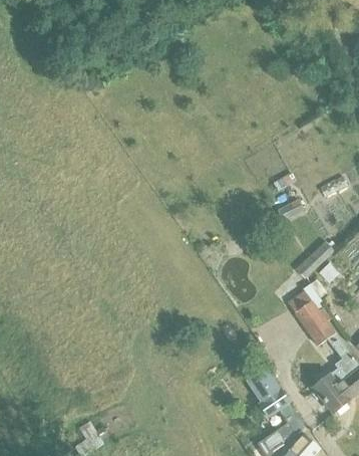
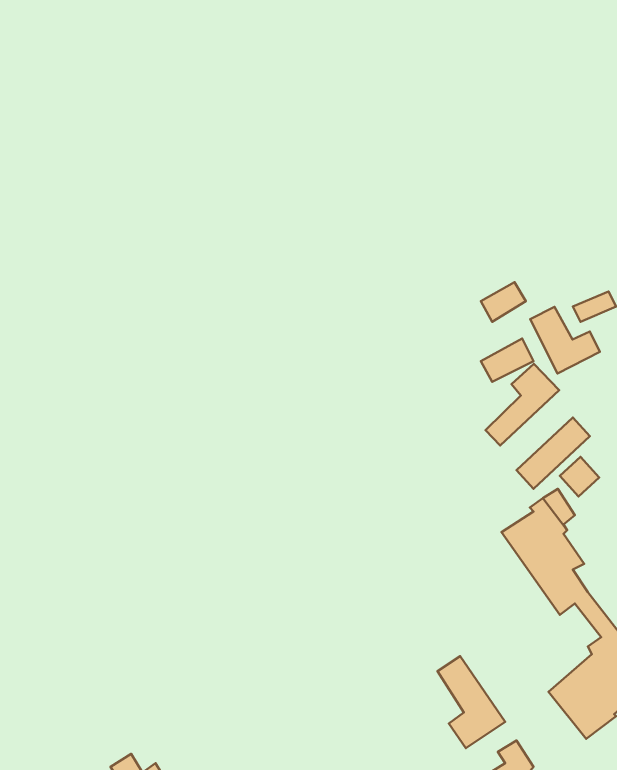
building: none -> [530,307,600,374]
building: none -> [485,364,559,445]

